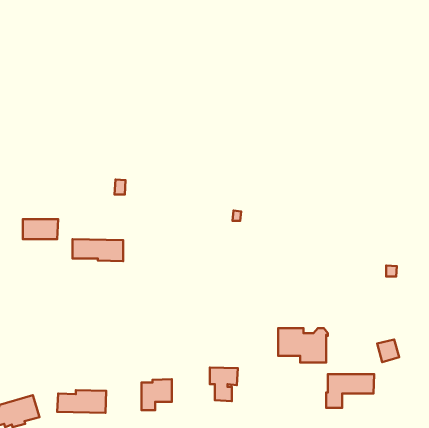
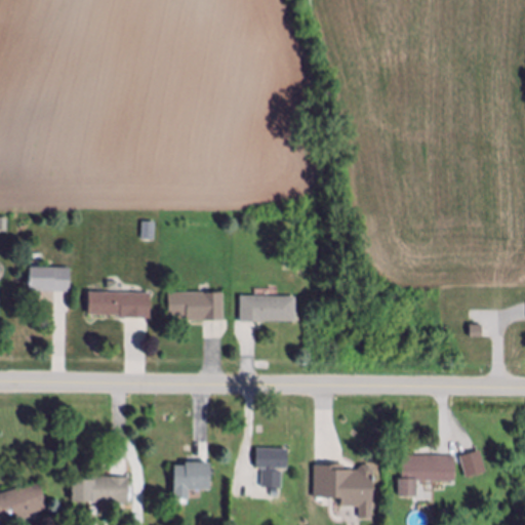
building: none -> [168,291,224,321]
building: none -> [240,295,294,322]
building: [278,328,328,363] -> [313,463,373,506]
building: [377,339,399,362] -> [457,448,484,476]

